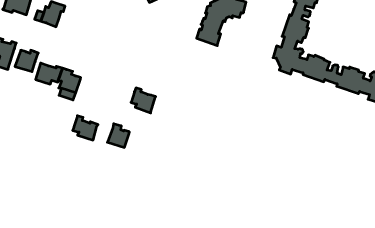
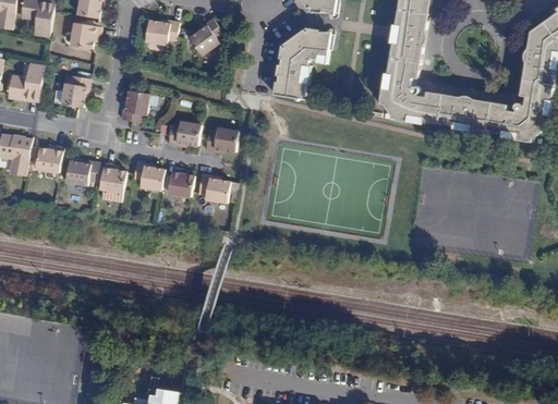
building: none -> [120,90,149,122]
building: none -> [167,121,201,145]
building: none -> [205,126,238,151]
building: [73,116,98,140] -> [132,161,165,191]
building: [107,124,129,147] -> [167,168,194,197]

